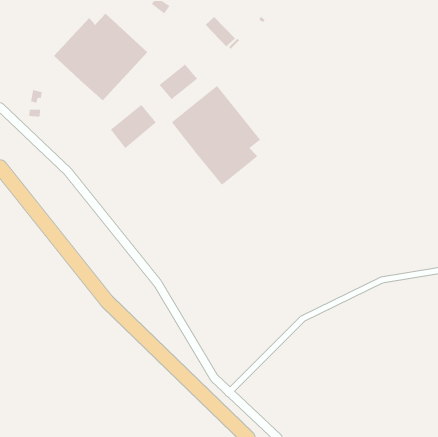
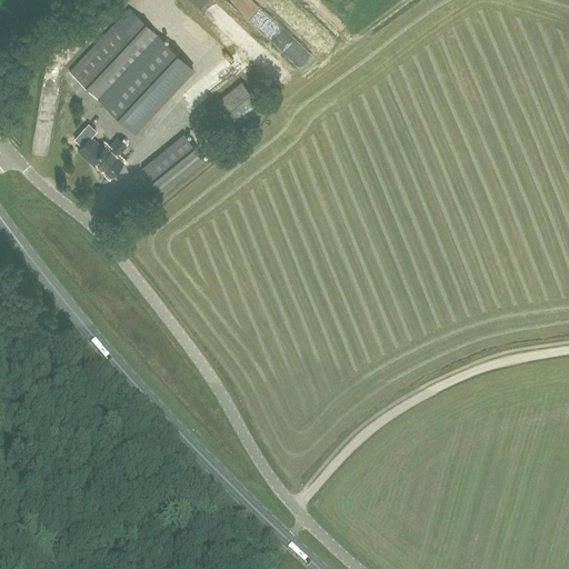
building: [171,85,261,186] -> none
building: none -> [78,139,127,177]

